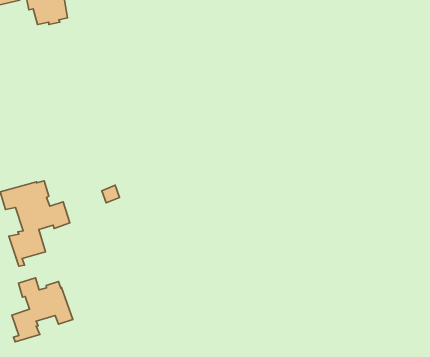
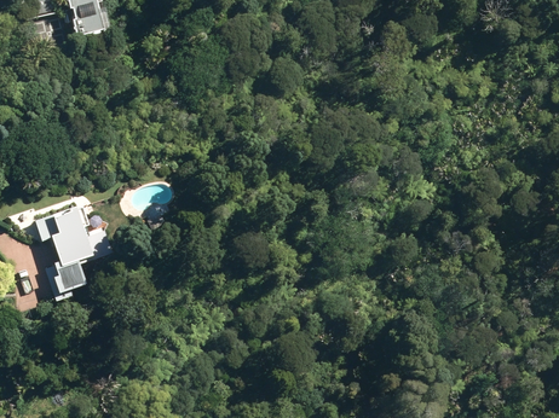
building: [12,278,73,342] -> none

